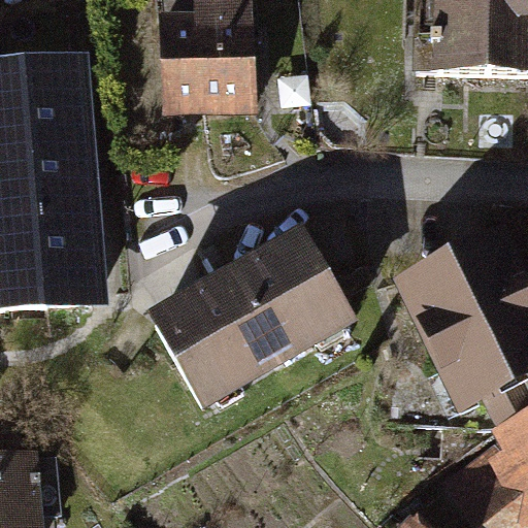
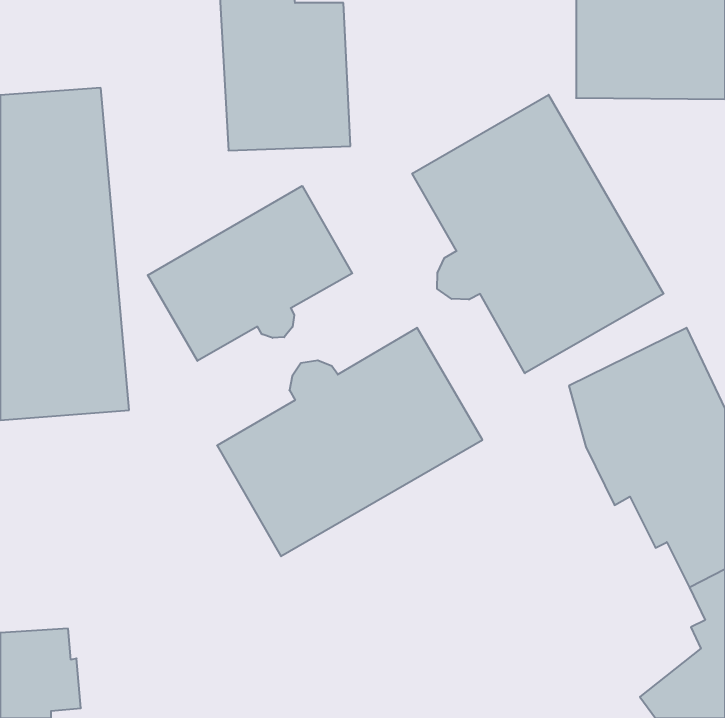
building: none -> [412,95,664,373]
building: none -> [148,186,352,361]

